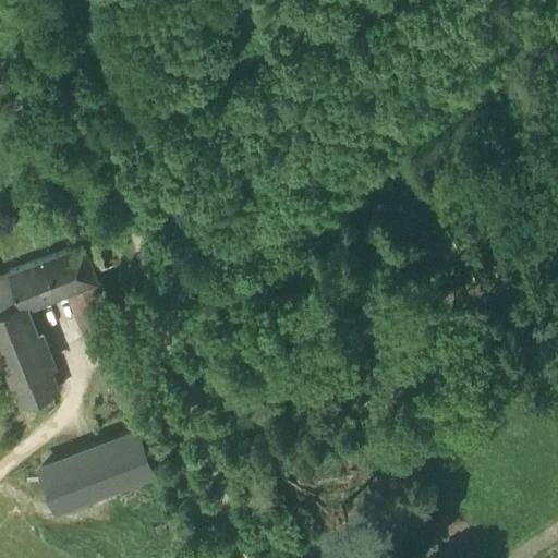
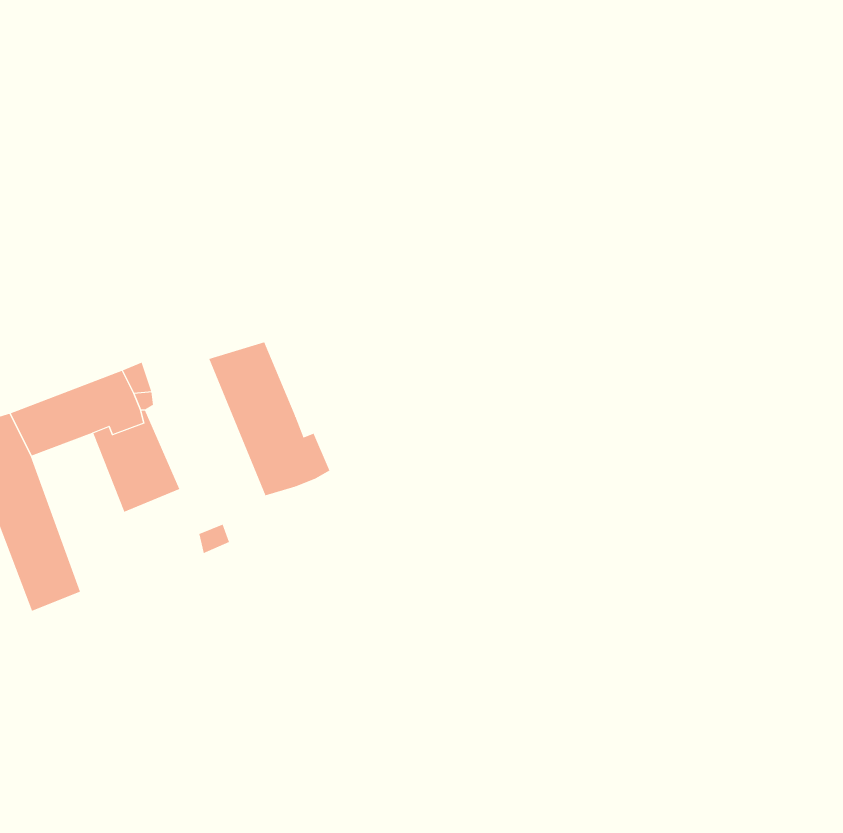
building: none -> [208,342,330,496]
building: [40,433,154,514] -> none

